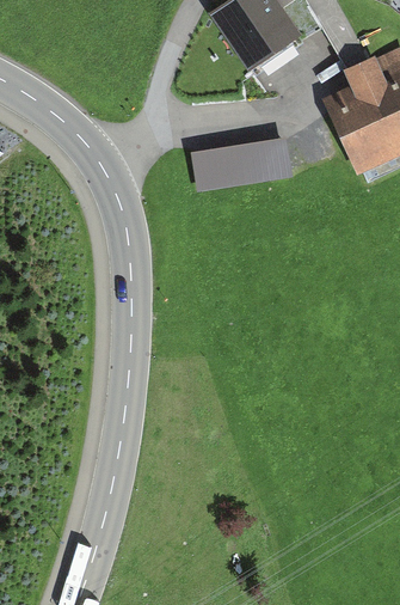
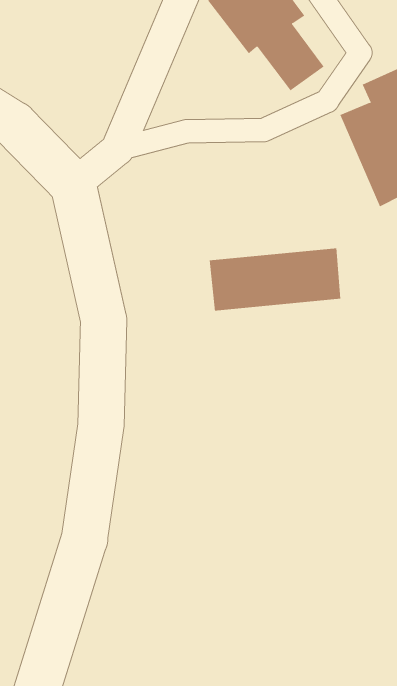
building: [187,134,302,189] -> [209,248,341,311]

